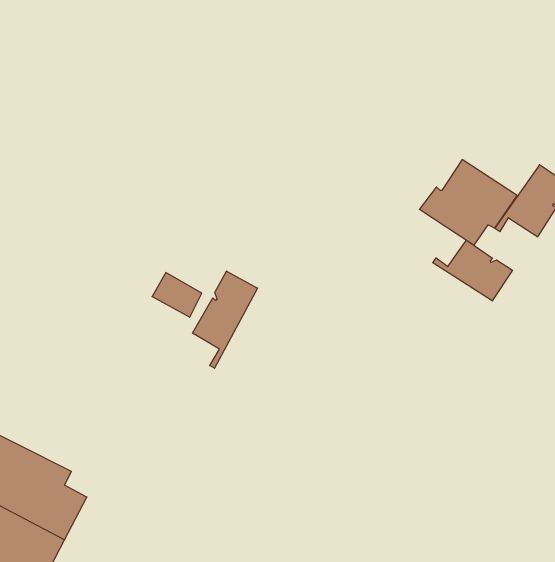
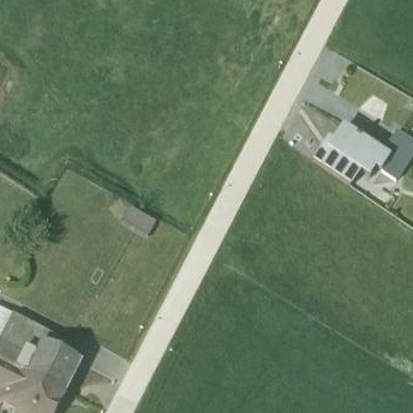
building: [433,240,512,301] -> none
building: [193,271,258,368] -> none

